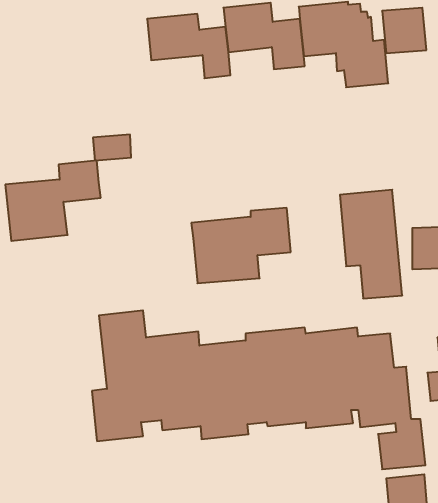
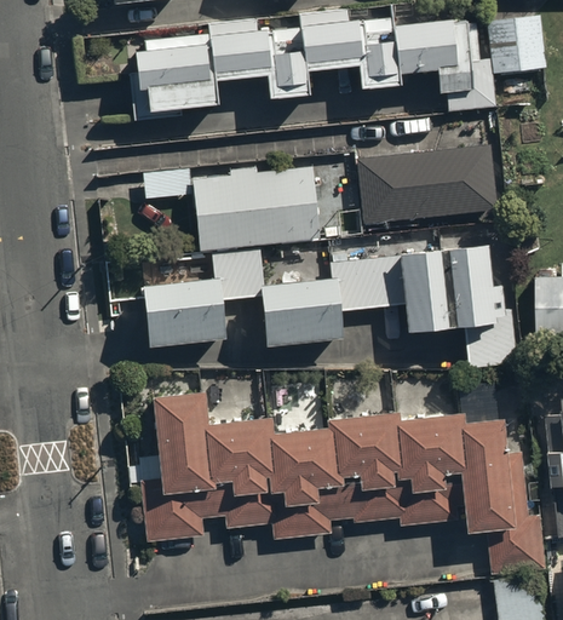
building: none -> [127,33,217,122]
building: none -> [357,147,494,224]
building: none -> [191,166,318,251]
building: [5,160,101,241] -> [149,252,264,349]
building: none -> [377,245,448,334]

